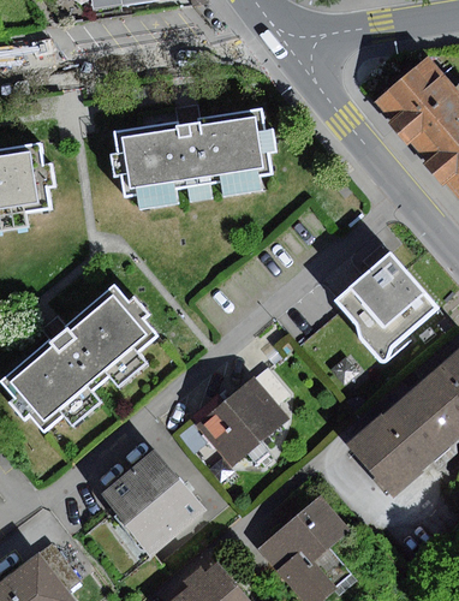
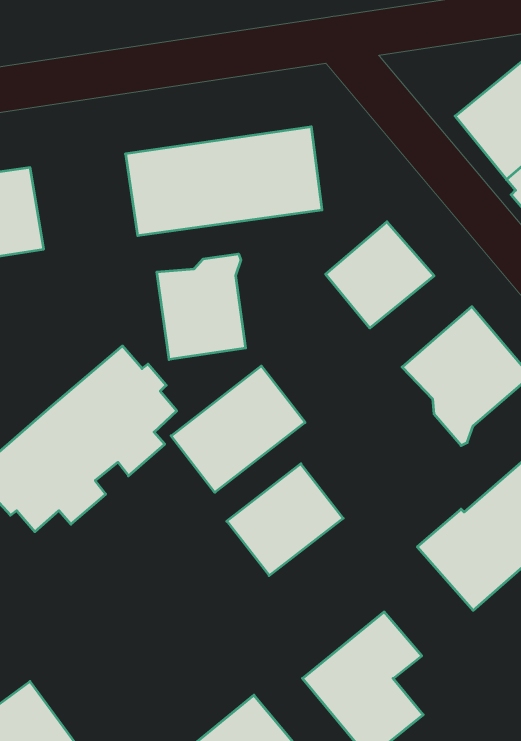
building: none -> [326,222,434,328]
building: none -> [157,254,246,360]
building: none -> [171,366,305,492]
building: [100,448,205,555] -> none

